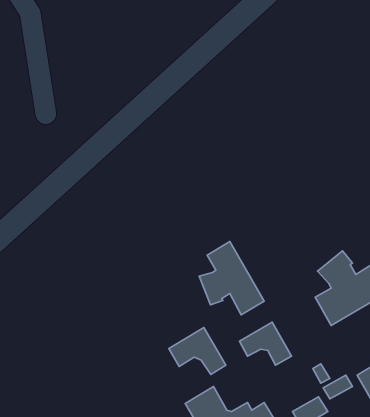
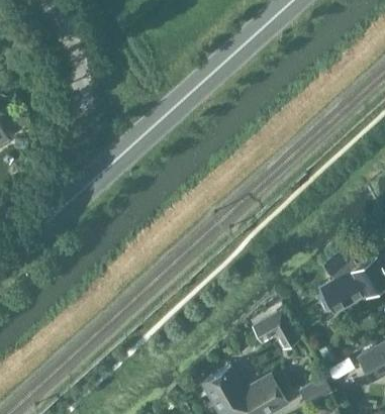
building: [199,242,264,315] -> none
building: [169,328,226,375] -> none

